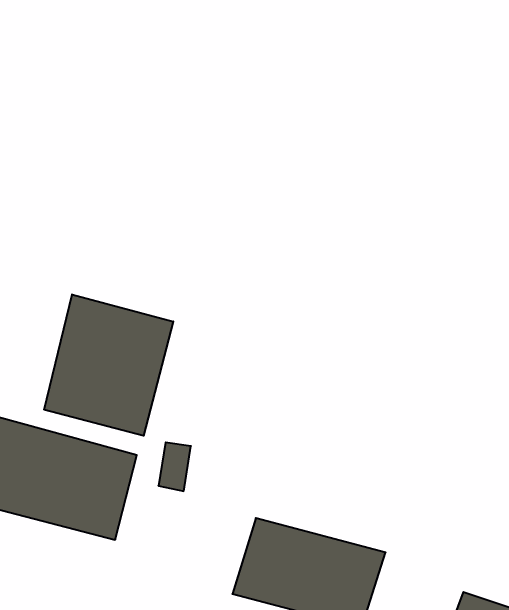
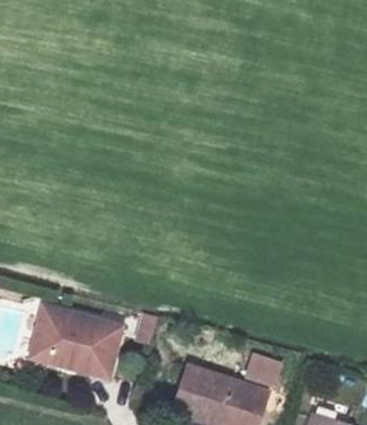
building: [44,294,173,436] -> none

